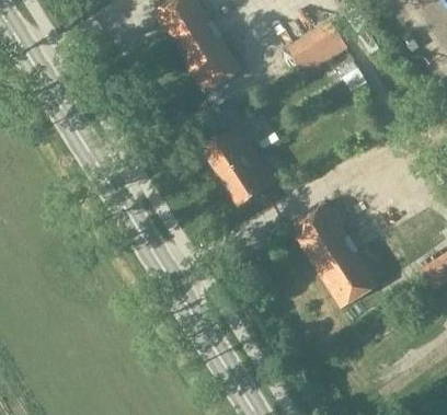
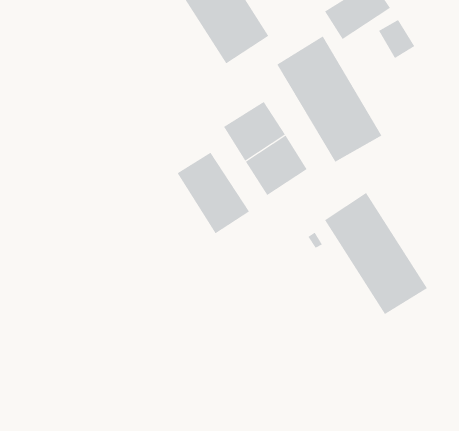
building: none -> [276,36,382,163]
building: none -> [177,152,250,234]

